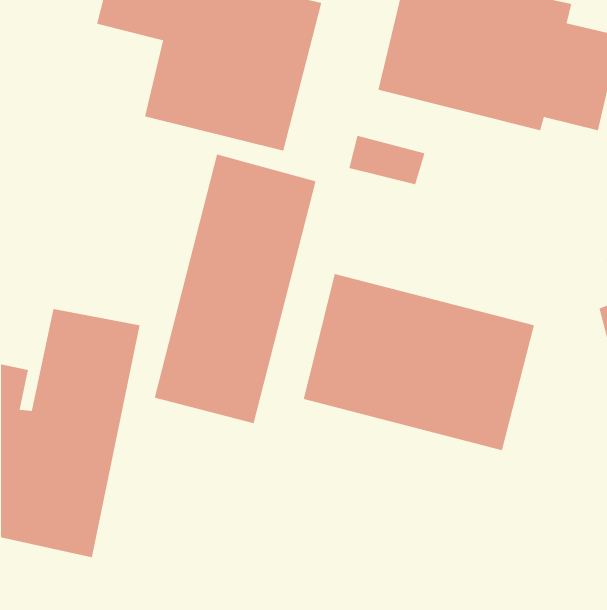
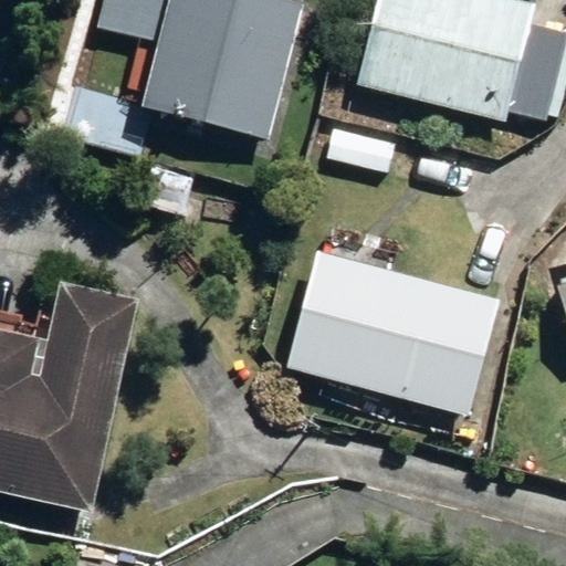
building: [154,153,317,424] -> none

